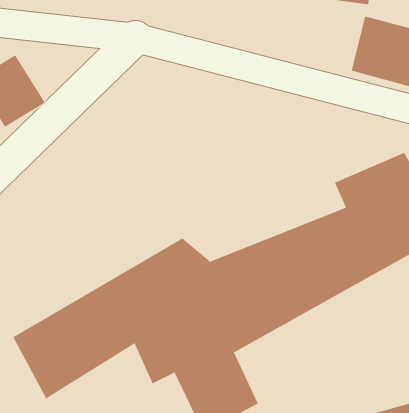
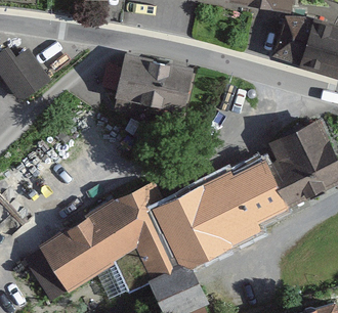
building: none -> [116,54,195,111]

